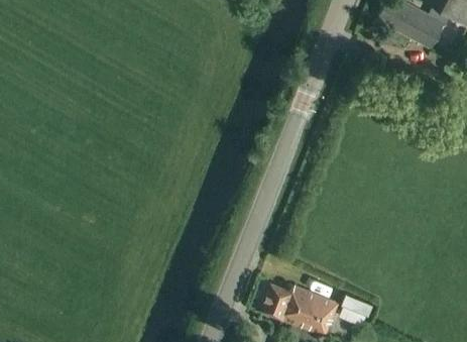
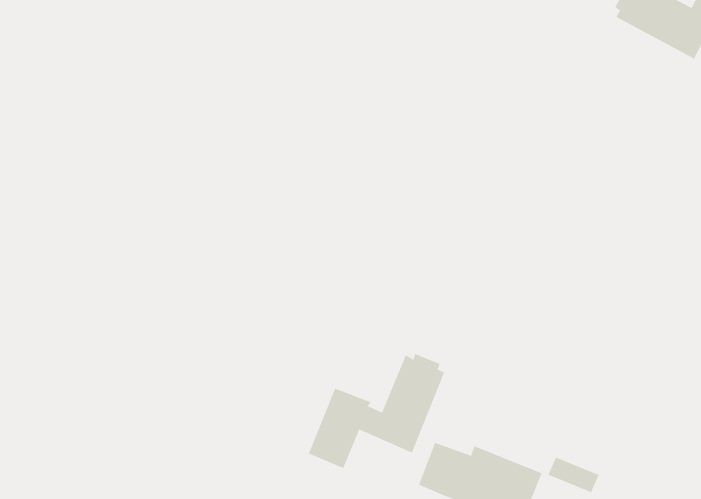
building: none -> [308,353,445,469]

